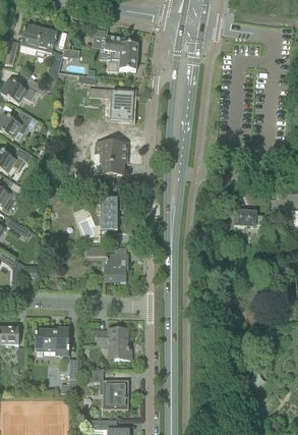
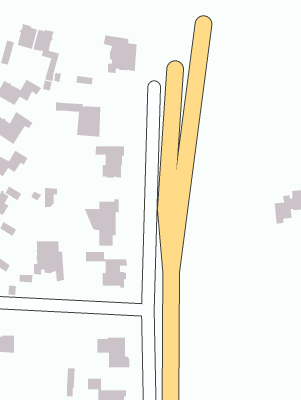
building: [88,87,133,121] -> [55,102,101,137]
building: [233,210,262,226] -> none
building: none -> [33,240,64,282]
building: [35,328,67,354] -> none

